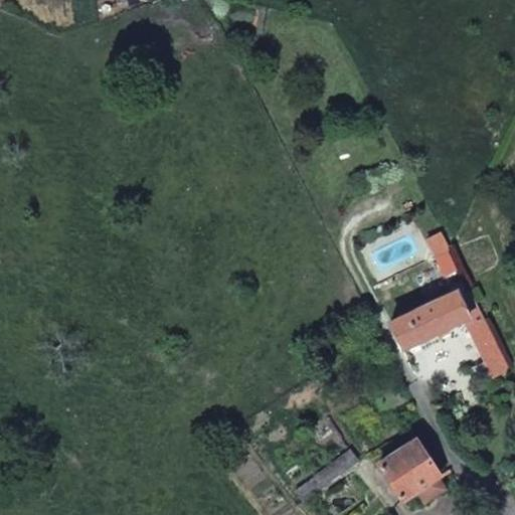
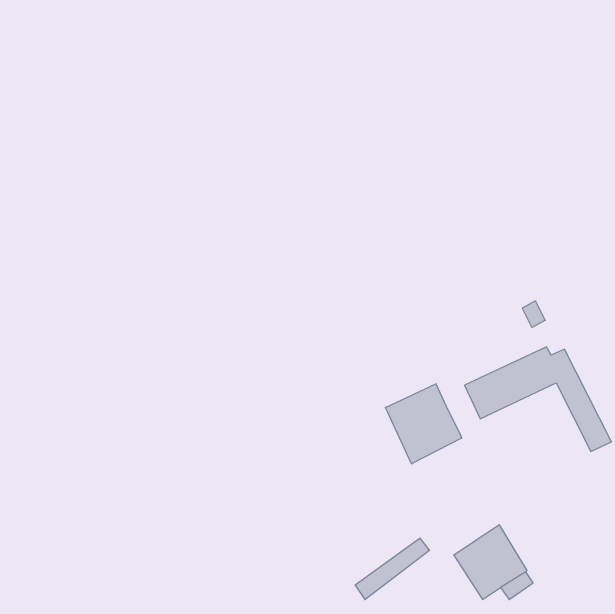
building: none -> [385,384,462,464]

